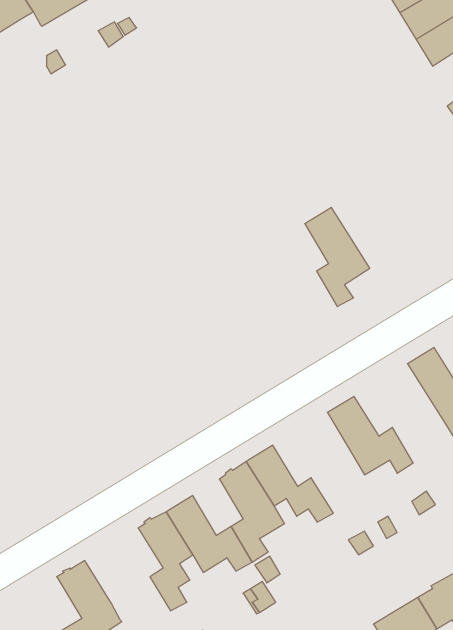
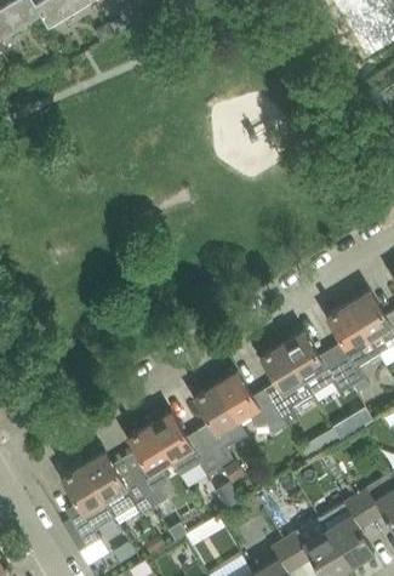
building: [305,207,370,307] -> [325,303,378,384]
building: none -> [258,343,312,426]
building: none -> [82,451,153,514]

